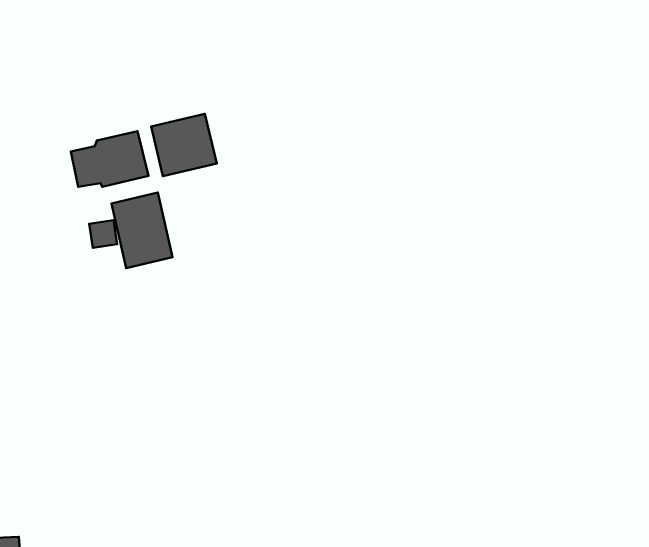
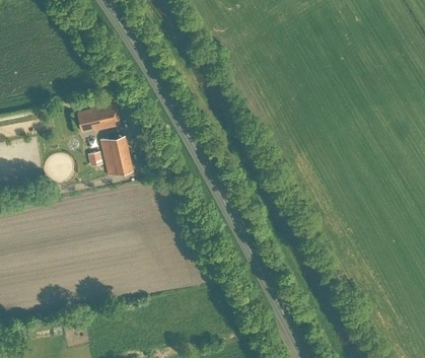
building: [151,114,217,176] -> none

